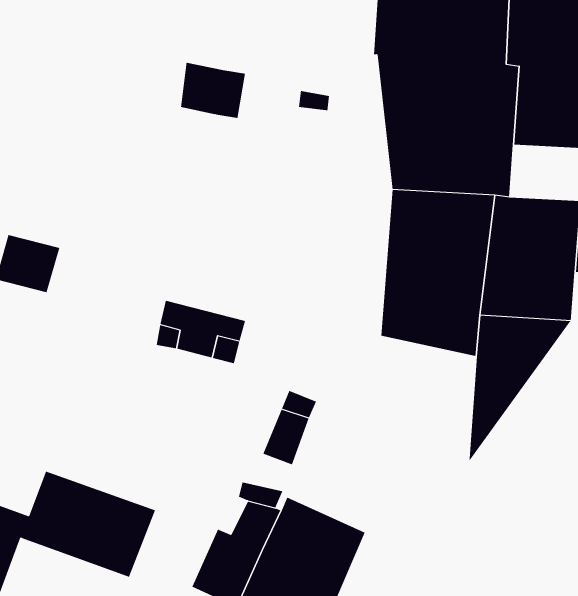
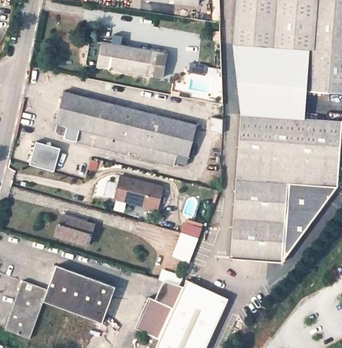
building: none -> [86,40,131,71]
building: none -> [55,91,197,166]
building: none -> [230,193,286,261]
building: none -> [55,215,93,245]

